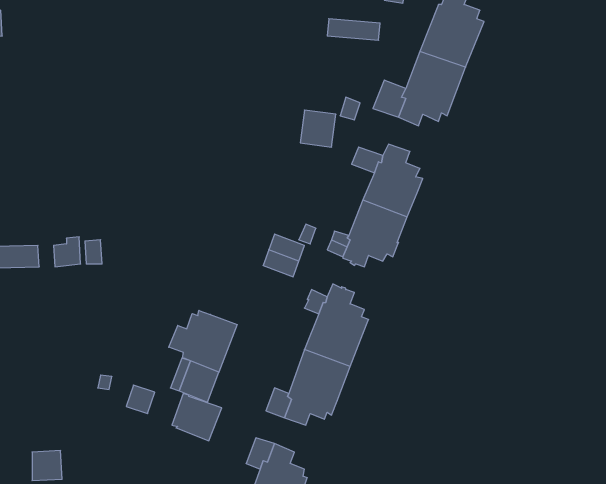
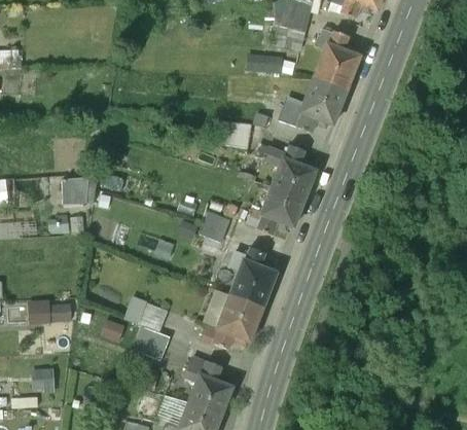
building: none -> [63,177,89,203]
building: [169,310,237,372] -> none
building: none -> [29,300,71,325]

